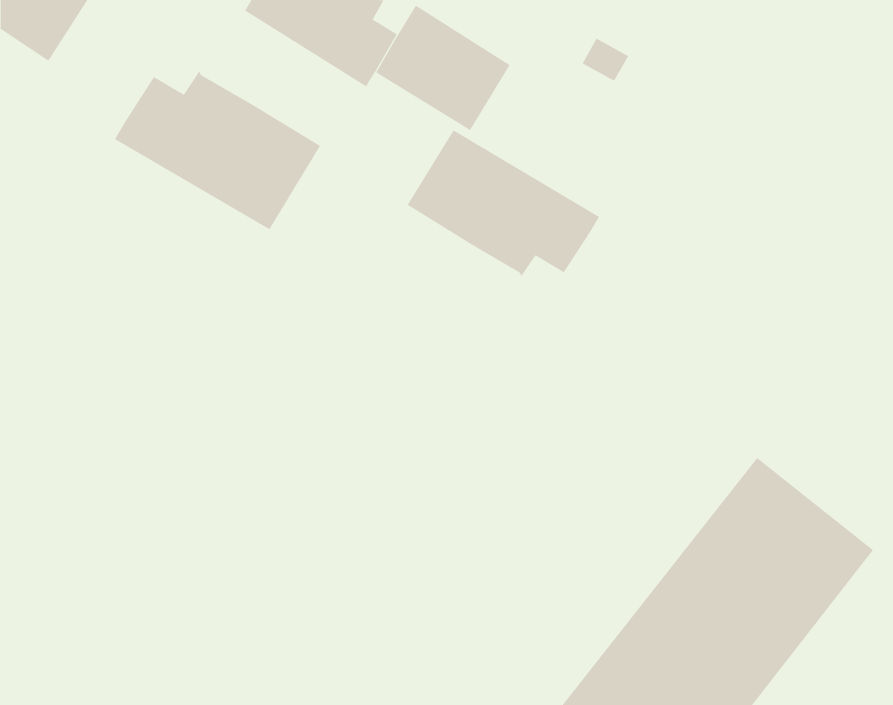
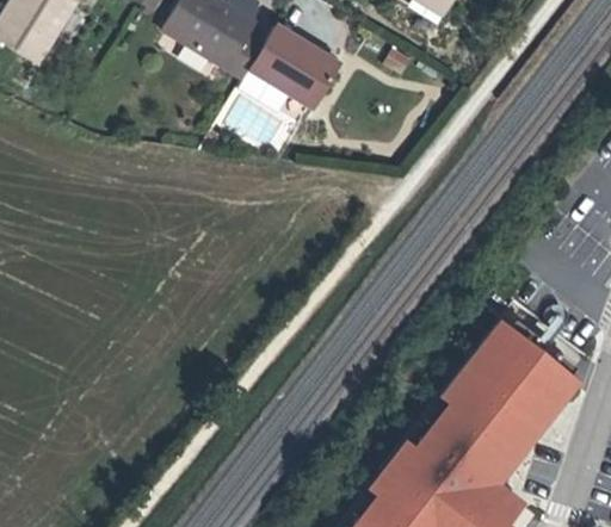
building: [114,71,321,230] -> none
building: [407,129,600,277] -> none

